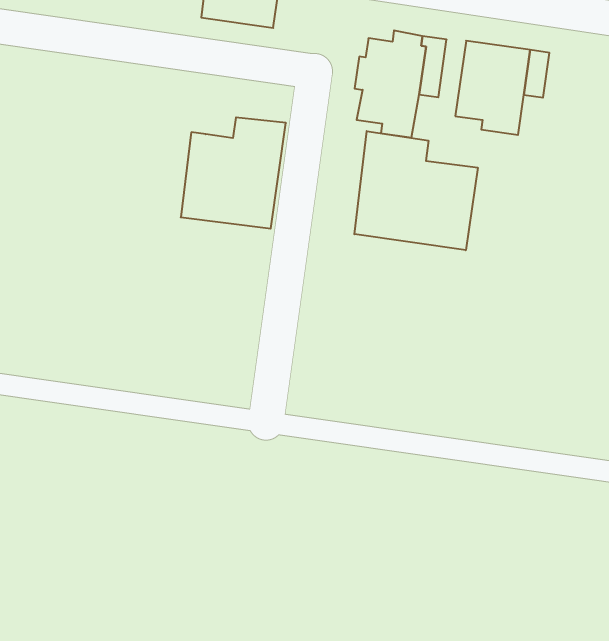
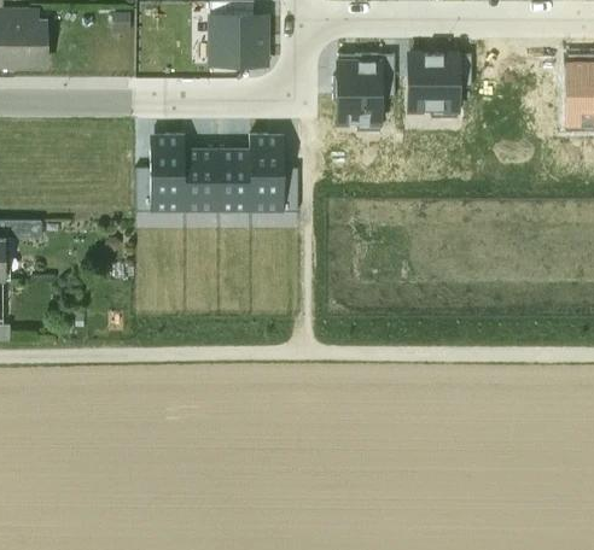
building: none -> [148,134,217,213]
building: [354,131,478,250] -> none

